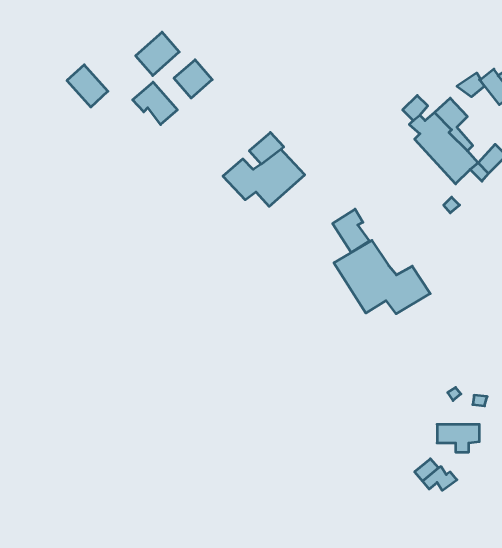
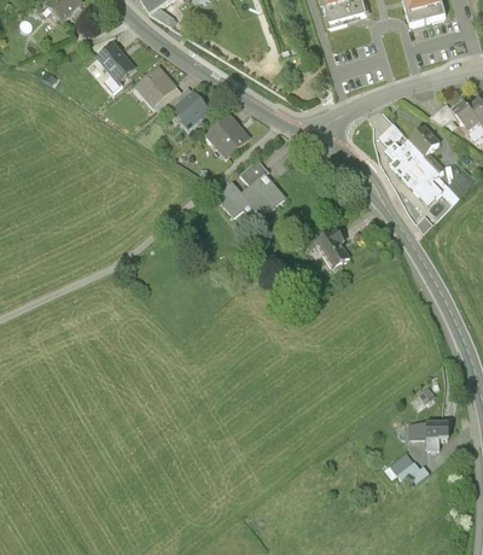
building: [67,65,108,107] -> [97,42,134,81]
building: [133,82,177,125] -> none
building: none -> [206,115,249,157]
building: [334,240,430,314] -> none

